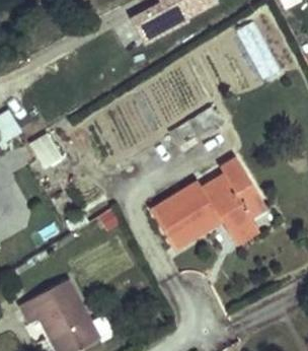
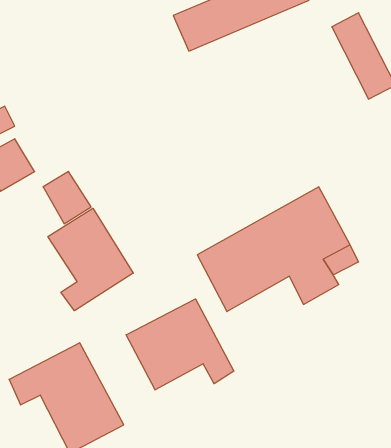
building: none -> [48,208,133,311]
building: none -> [126,299,234,390]

